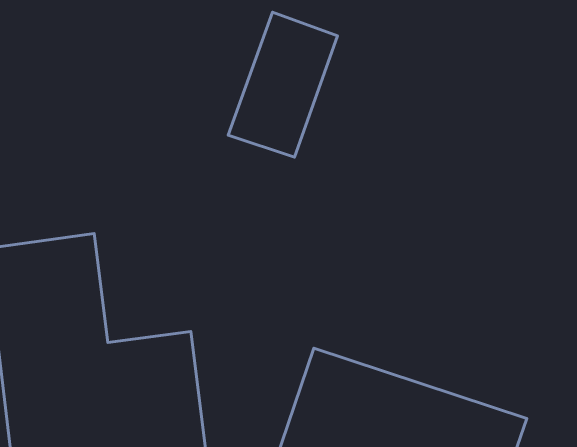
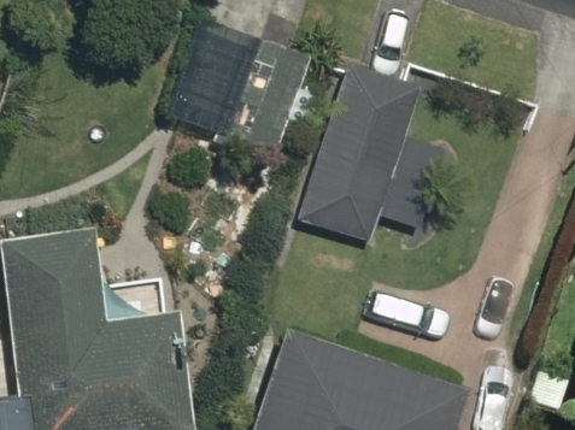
building: none -> [293,63,421,241]

